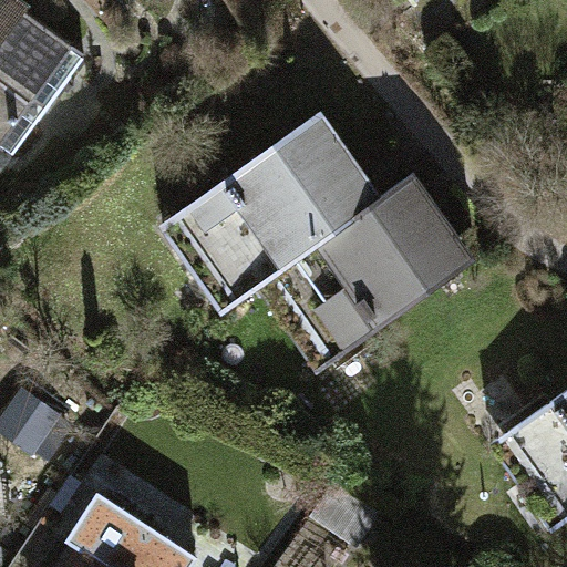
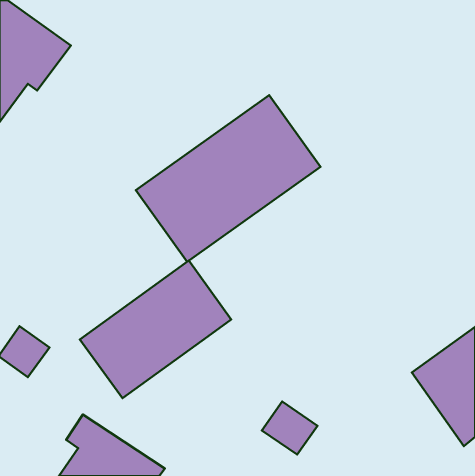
building: [257,174,475,371] -> none
building: none -> [80,261,231,398]

